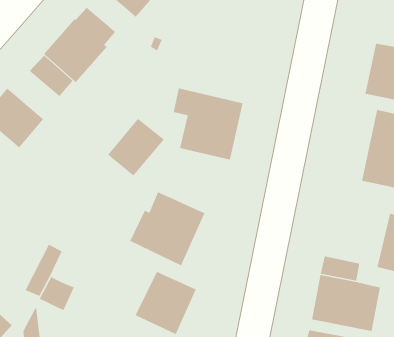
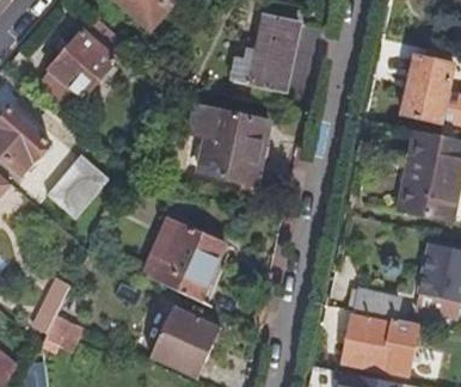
building: none -> [233,14,299,106]
building: [107,118,165,177] -> [50,150,113,215]

